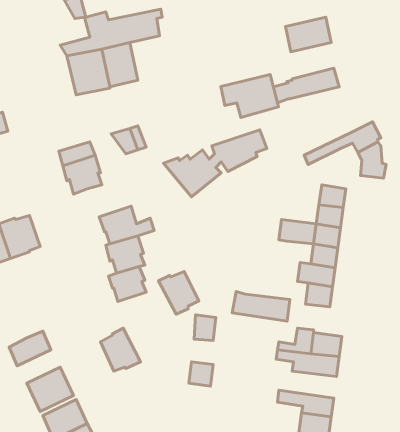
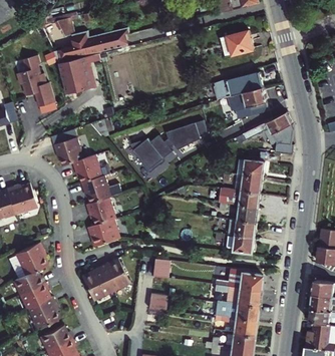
building: none -> [11,59,51,118]
building: [221,75,278,117] -> [223,87,266,119]
building: none -> [71,156,109,185]
building: [159,271,199,314] -> [98,261,128,293]
building: [232,291,290,321] -> [215,298,258,320]
building: none -> [14,243,47,275]
building: none -> [19,284,51,309]

